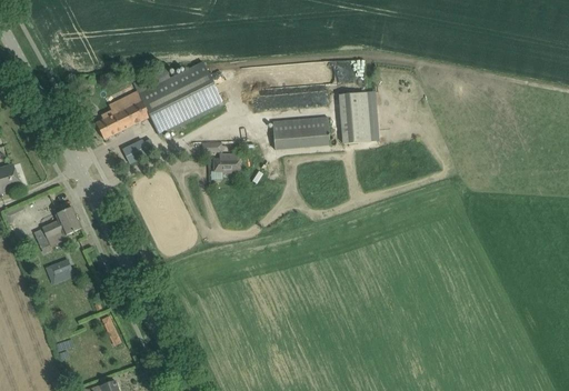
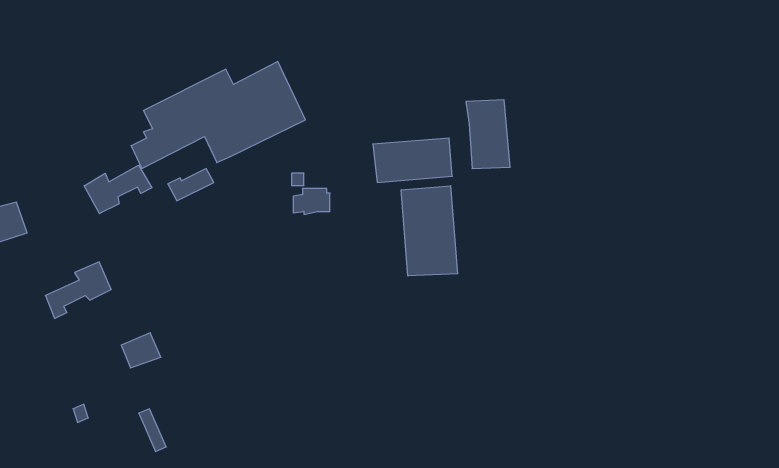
building: none -> [84,165,152,214]
building: none -> [401,186,458,276]
building: [46,258,74,283] -> [121,333,161,368]

